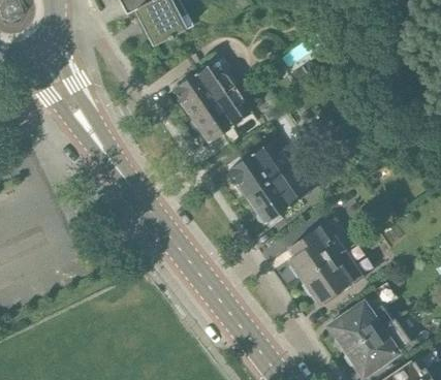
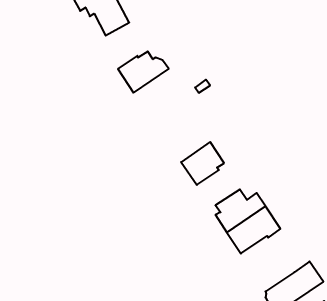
building: [192,88,242,141] -> none
building: [229,151,282,197] -> none
building: [332,298,381,349] -> none

